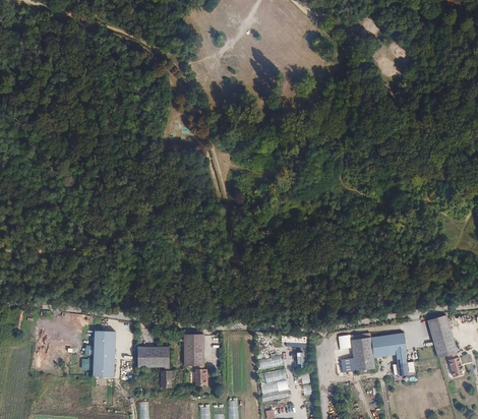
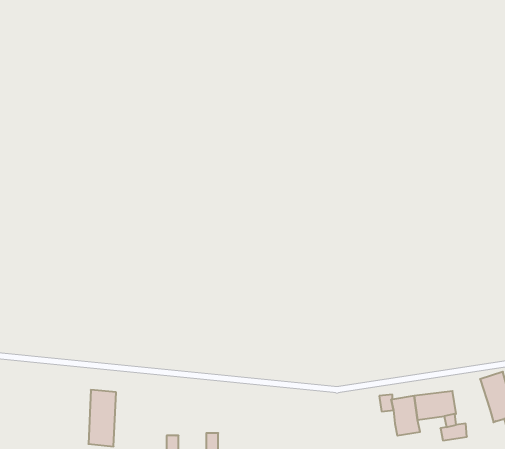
building: [182,333,202,364] -> none
building: [137,345,169,366] -> none

